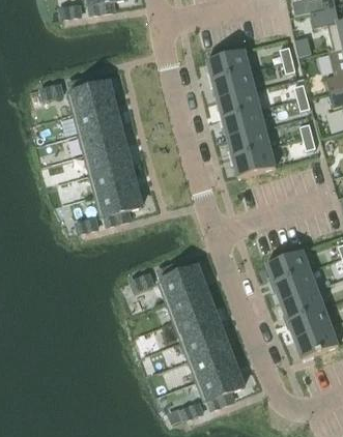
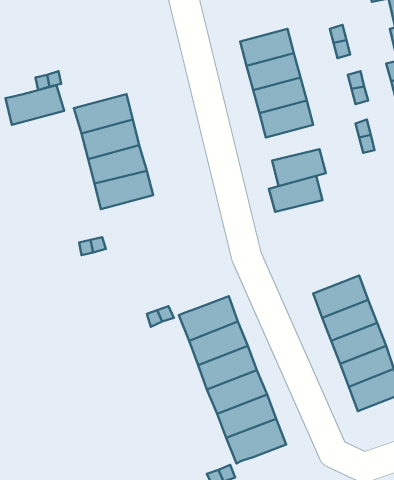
building: [67,81,115,113] -> [5,85,64,125]
building: [228,126,271,155] -> [269,176,323,212]
building: [94,183,142,216] -> none

